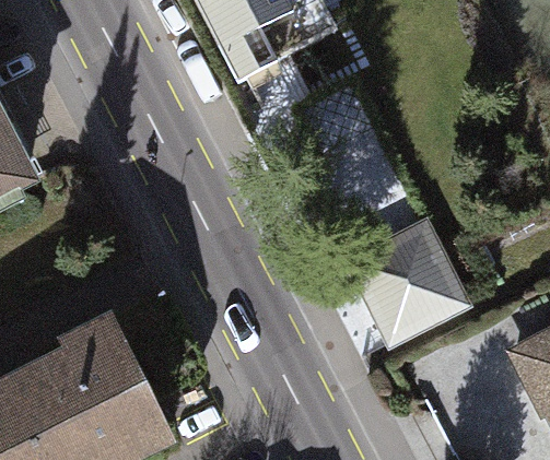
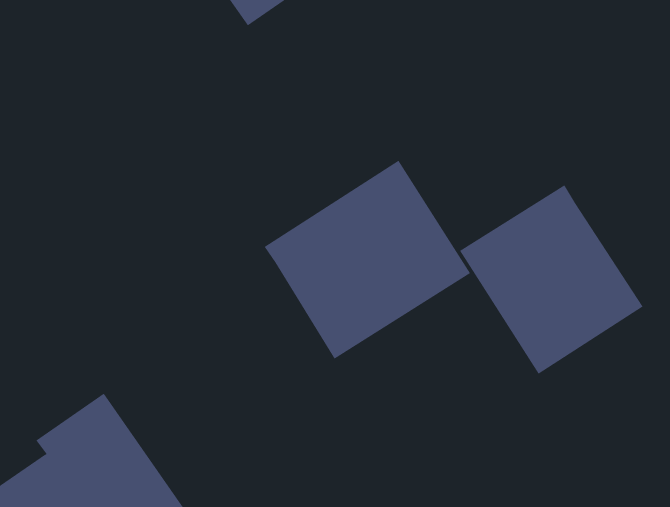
building: none -> [264,160,471,359]

